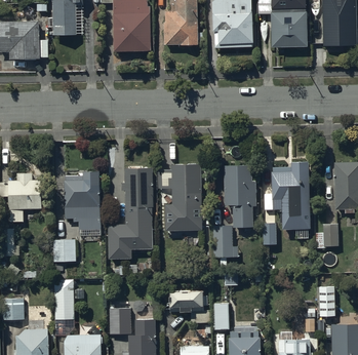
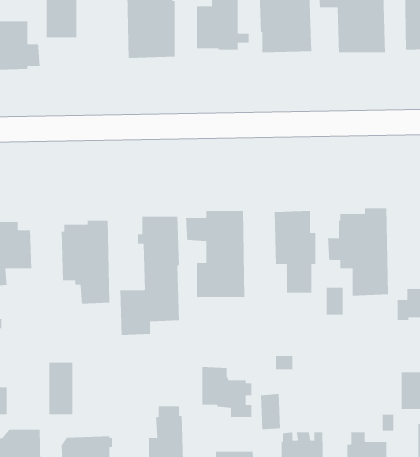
building: [212,225,238,258] -> none
building: [53,239,76,262] -> none
building: [109,304,130,334] -> none

